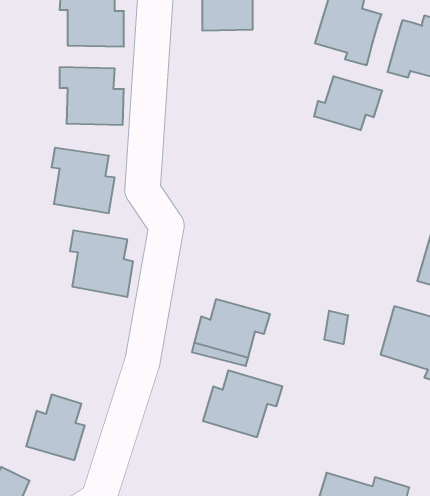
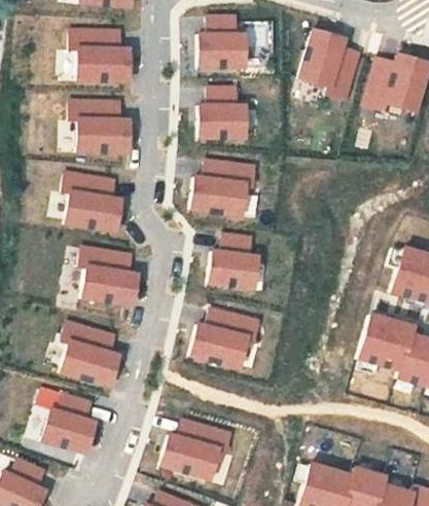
building: none -> [201,87,247,139]
building: [314,76,382,130] -> none
building: none -> [191,160,257,216]
building: none -> [209,234,258,288]
building: none -> [62,322,119,386]
building: [203,370,282,437] -> [160,420,231,479]

